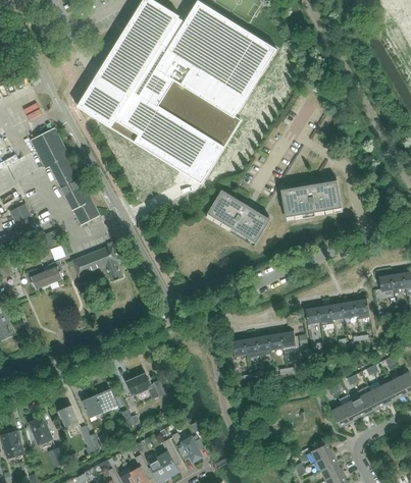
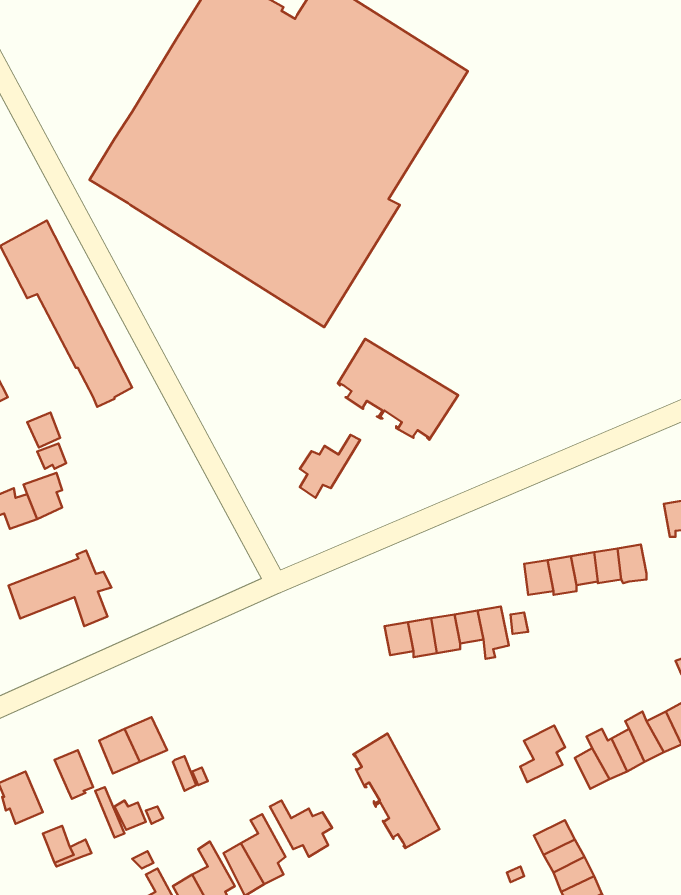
building: [280,179,342,219] -> none
building: none -> [300,435,360,498]
building: [70,242,124,281] -> [9,551,111,626]
building: [125,372,167,398] -> none
building: none -> [520,725,565,782]
building: none -> [353,734,440,848]

